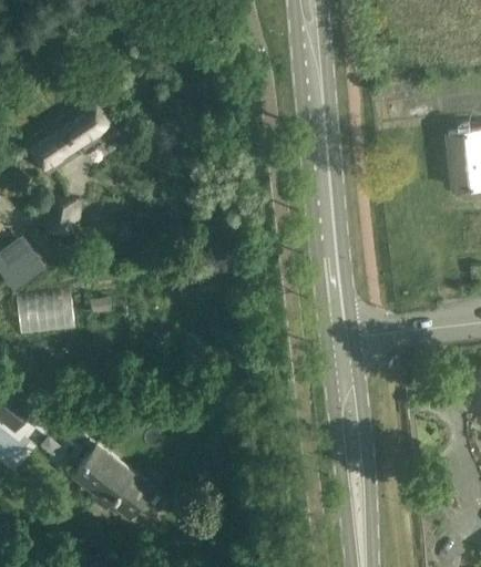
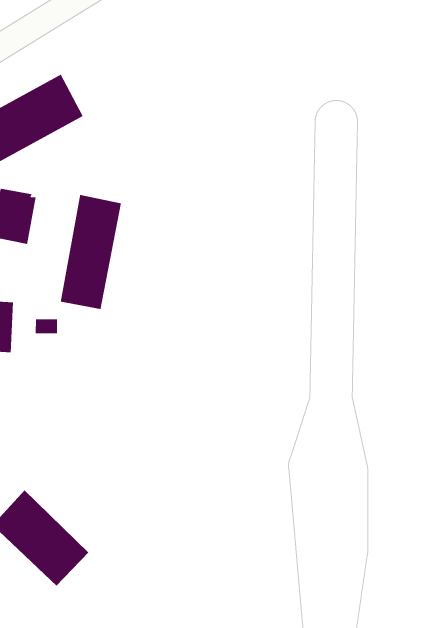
building: none -> [60,194,121,310]

